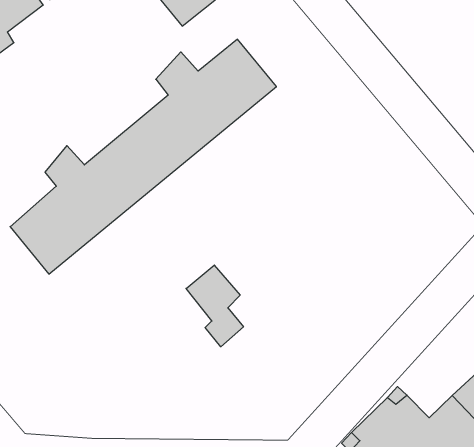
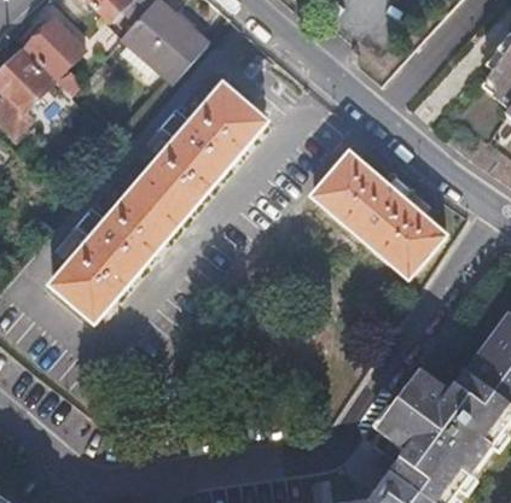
building: none -> [313,156,443,275]
building: [186,265,243,347] -> none

